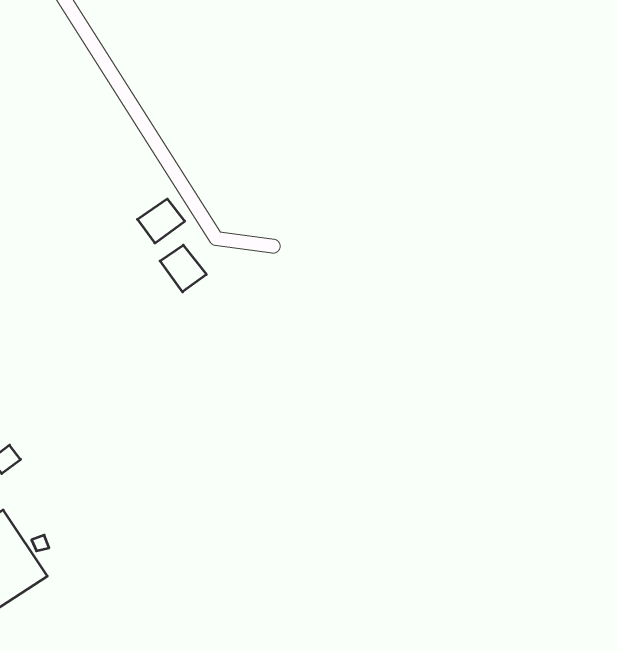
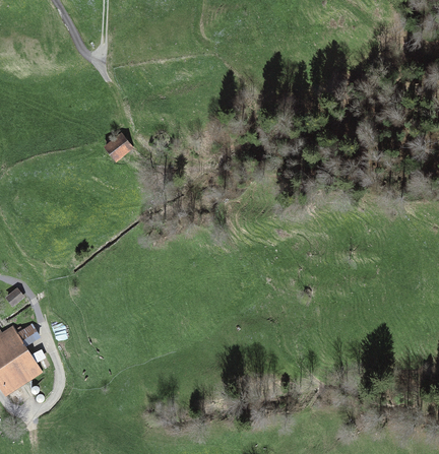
building: [160,245,206,292] -> none

